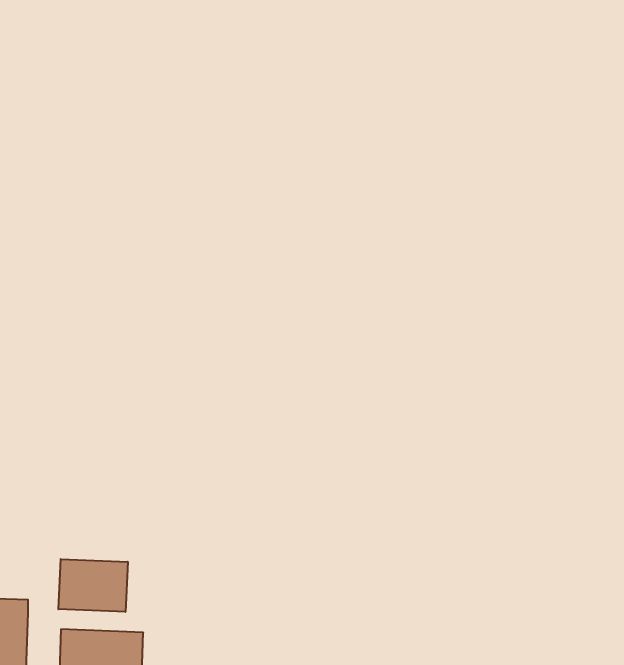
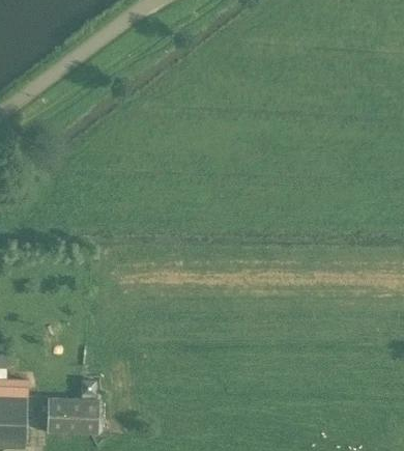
building: [58,559,128,612] -> none

